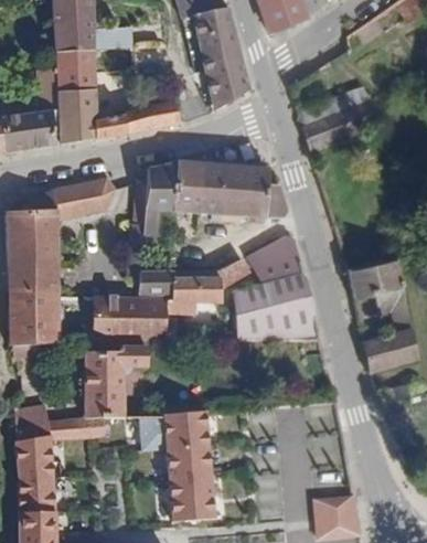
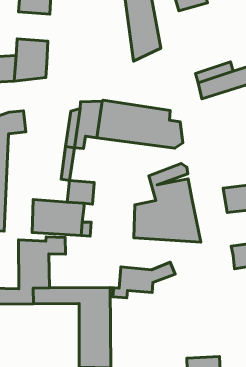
building: [56,53,98,89] -> none
building: [99,98,182,138] -> none
building: [73,178,118,212] -> none
building: [162,262,247,313] -> [110,262,175,298]

